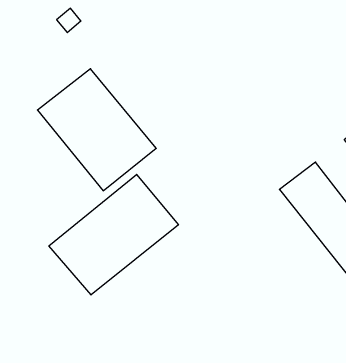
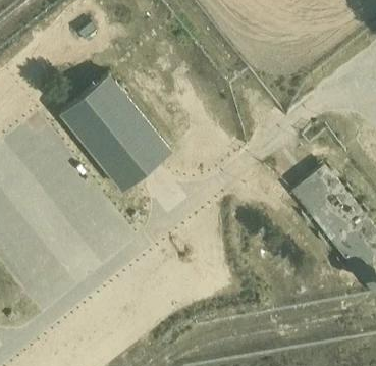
building: [49,174,178,295] -> none

